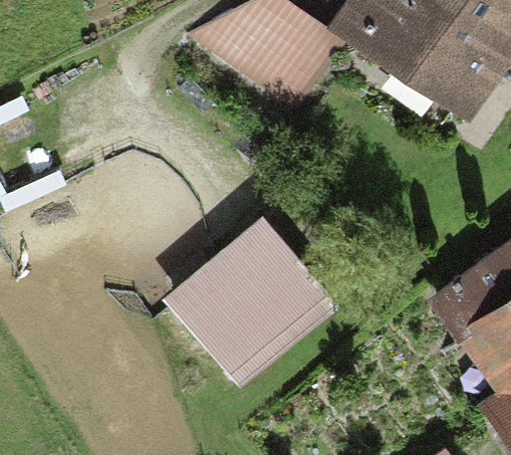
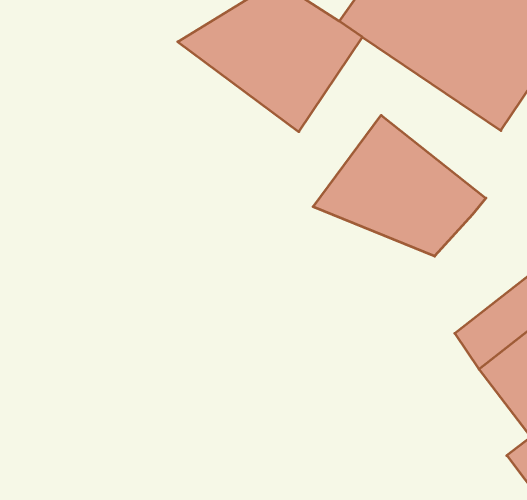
building: none -> [313,115,486,256]
building: [165,212,340,386] -> none

